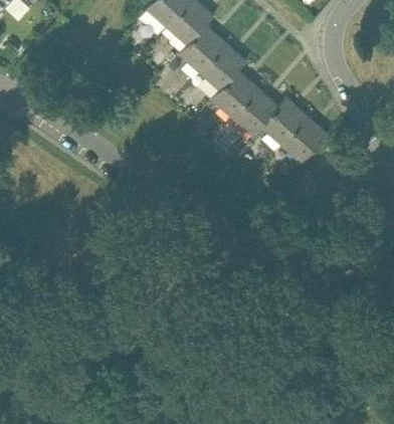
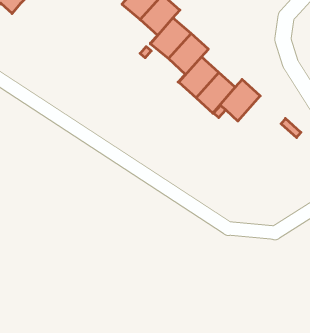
building: [279,115,326,162] -> none

